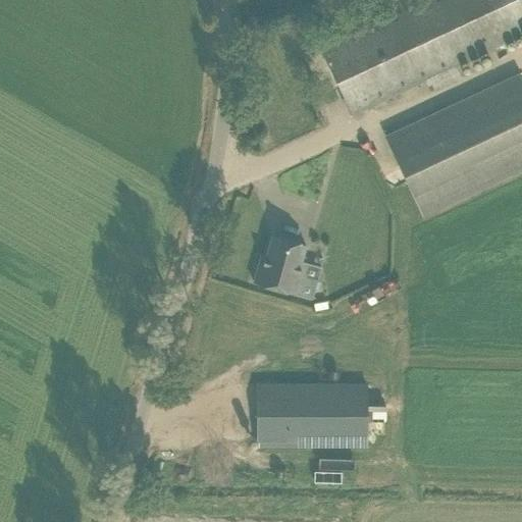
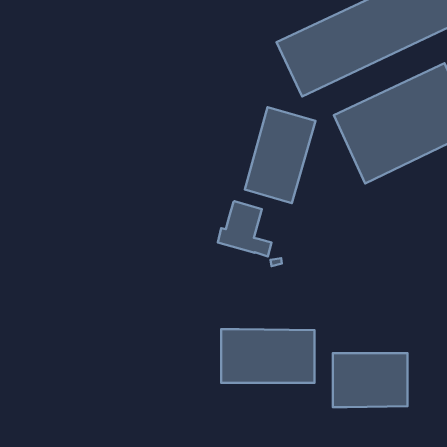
building: none -> [245,107,315,203]
building: none -> [333,353,408,407]

